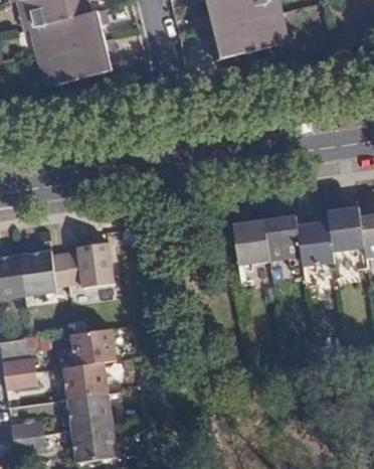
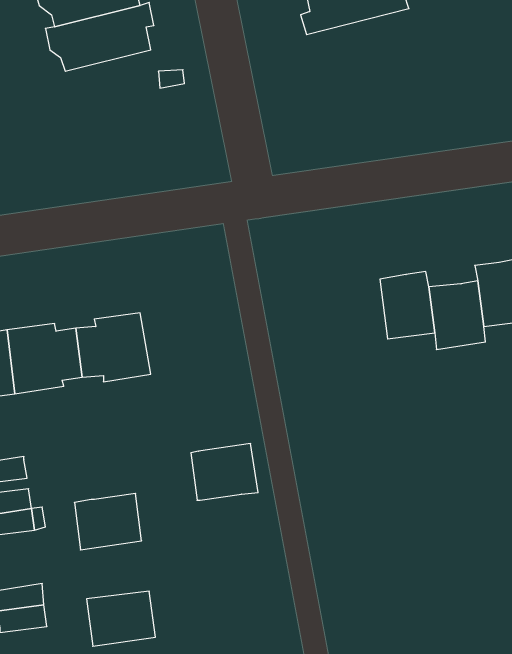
building: [232,220,269,265] -> none
building: [70,328,115,365] -> [191,444,258,500]
building: [67,393,113,431] -> none

